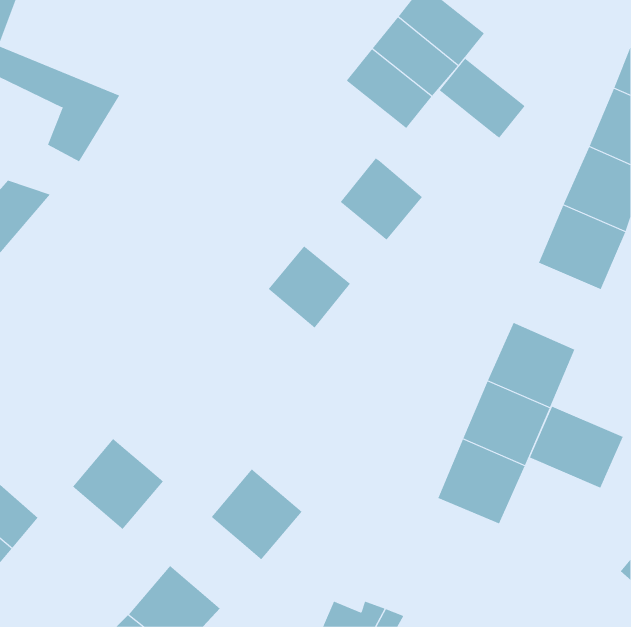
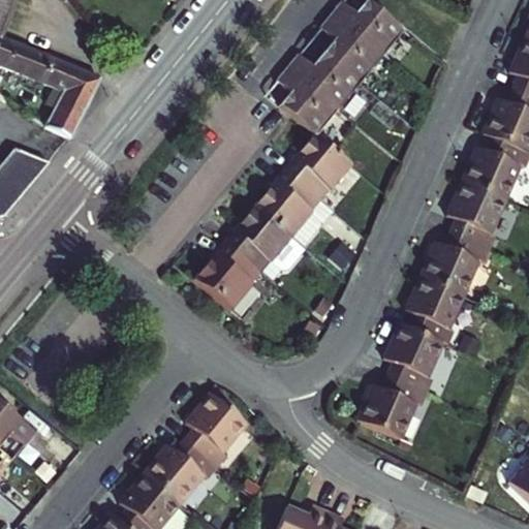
building: [439,58,526,139] -> [267,67,339,134]
building: none -> [253,168,322,237]
building: none -> [428,219,501,291]
building: none -> [193,241,262,310]
building: [529,406,623,489] -> none
building: [72,438,164,530] -> [142,431,218,507]

